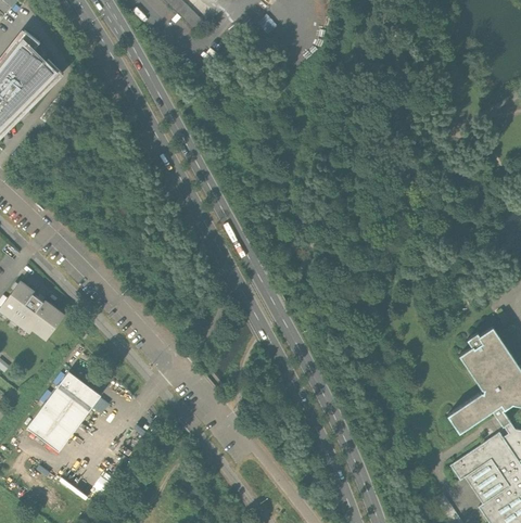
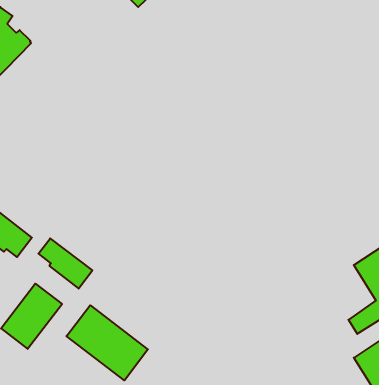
building: none -> [38,238,92,289]
building: none -> [66,305,148,380]

